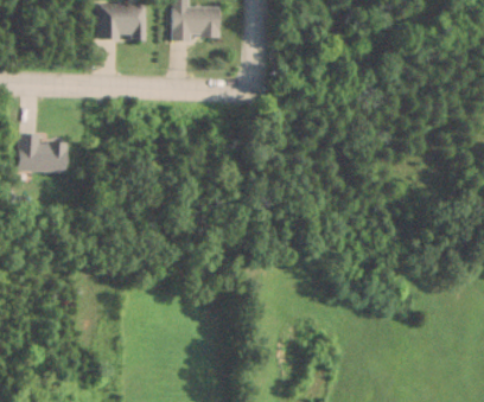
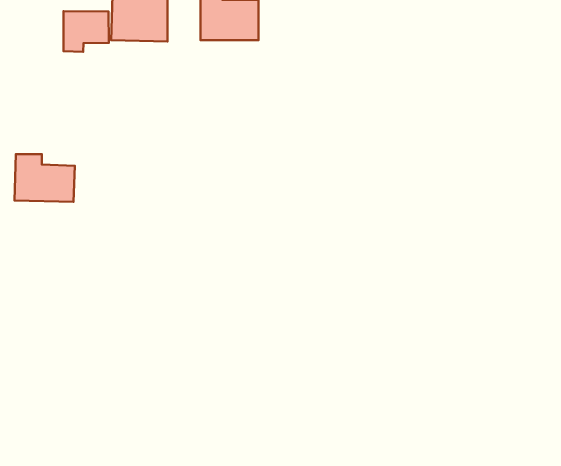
building: none -> [63,11,109,52]

